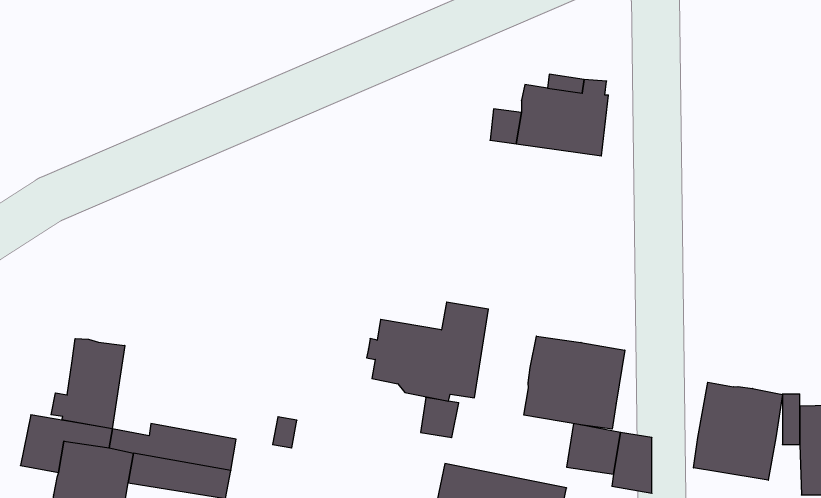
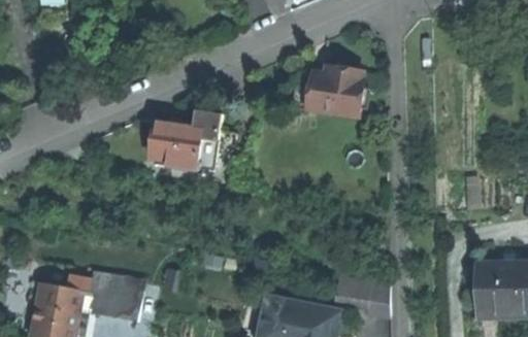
building: [367,302,488,401] -> [147,108,220,167]
building: [524,336,625,429] -> none
building: [51,339,125,429] -> none
building: [694,382,782,480] -> none

